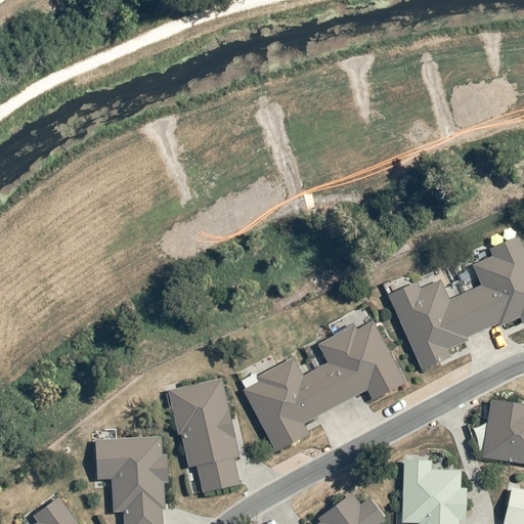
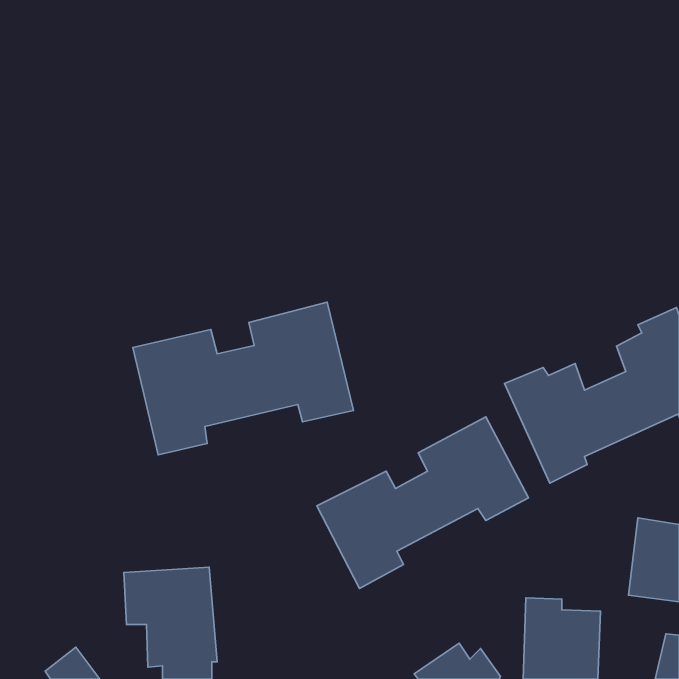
building: none -> [133,302,353,455]
building: [172,378,241,493] -> none

